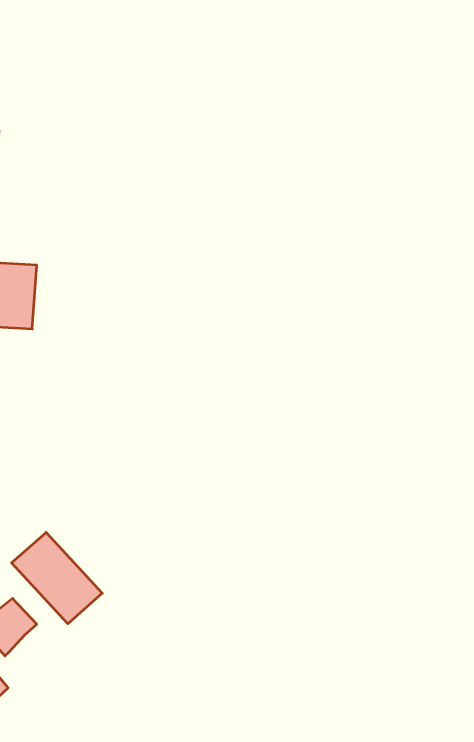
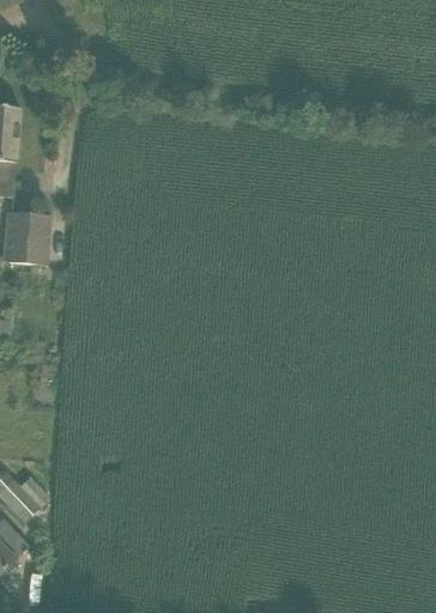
building: [12,532,102,624] -> none

